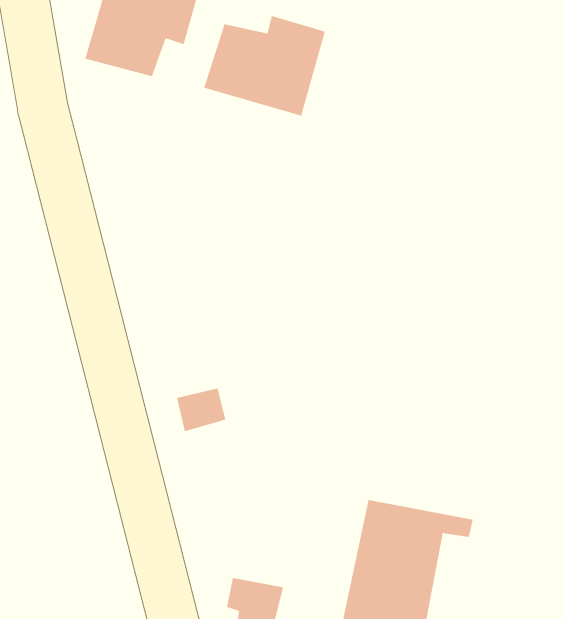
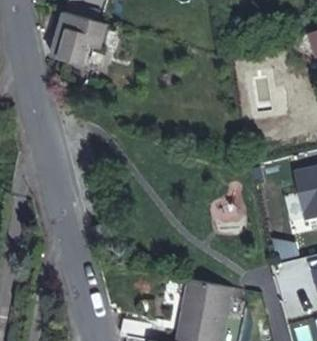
building: [204,15,326,116] -> none

